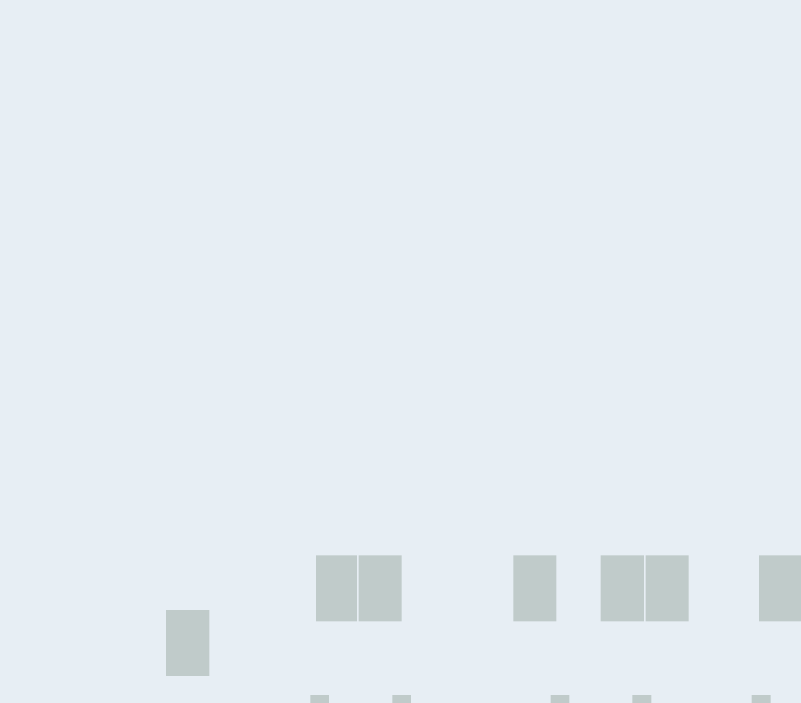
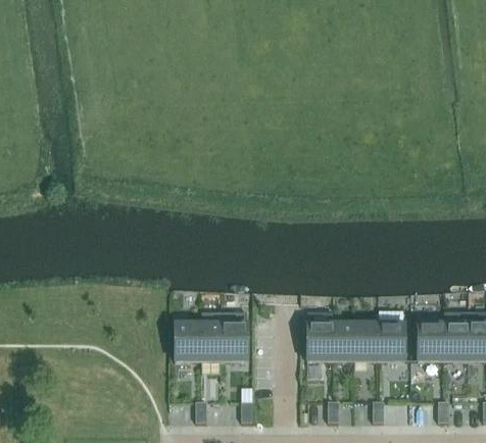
building: none -> [332,325,355,361]
building: none -> [418,325,442,361]
building: [165,610,210,677] -> [175,325,199,361]

